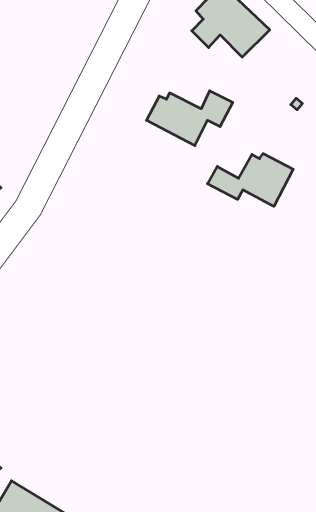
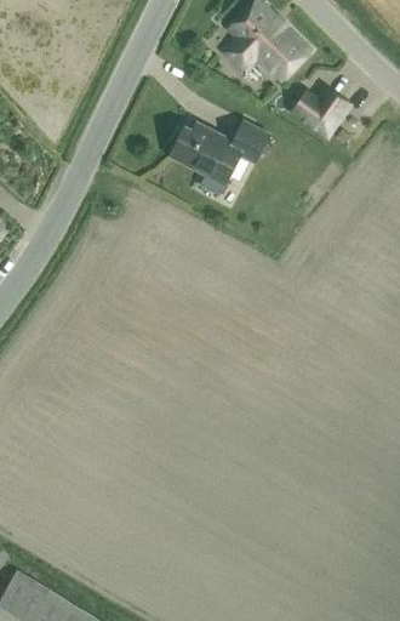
building: none -> [295,91,348,132]
building: [207,154,293,206] -> none

